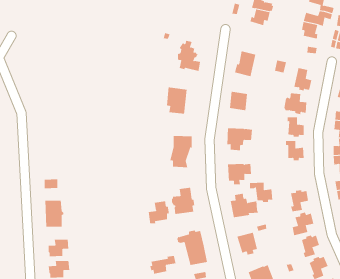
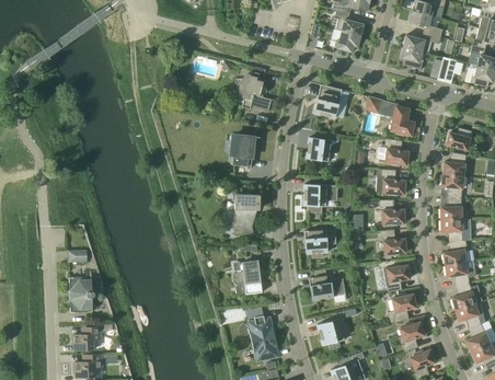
building: [249,182,273,203] -> [376,229,406,255]
building: [148,201,170,224] -> none
building: [150,255,176,275] -> none

